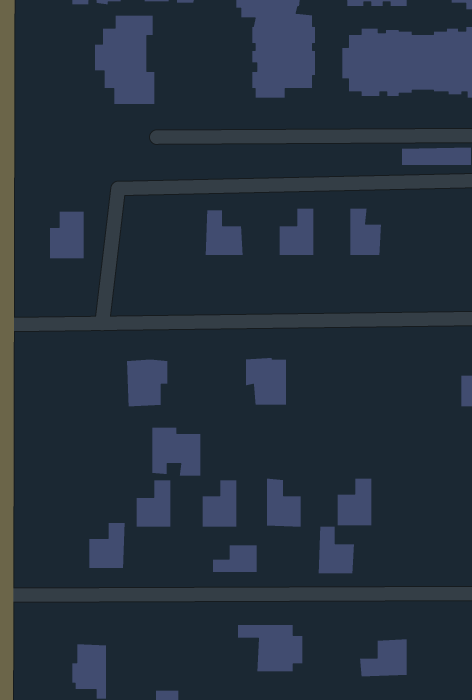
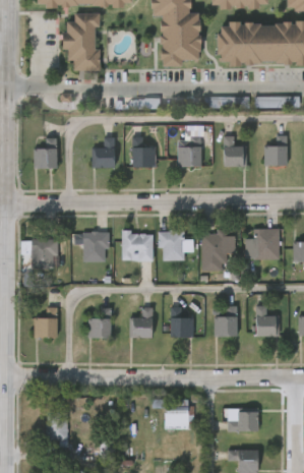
building: none -> [264,134,287,165]
building: none -> [92,136,115,168]
building: none -> [253,228,279,259]
building: none -> [200,229,226,271]
building: none -> [31,237,57,270]
building: [151,427,201,477] -> [121,230,153,261]
building: [88,522,125,569] -> [34,307,57,337]
building: [318,526,355,574] -> [255,305,279,336]
building: [212,545,258,573] -> none

